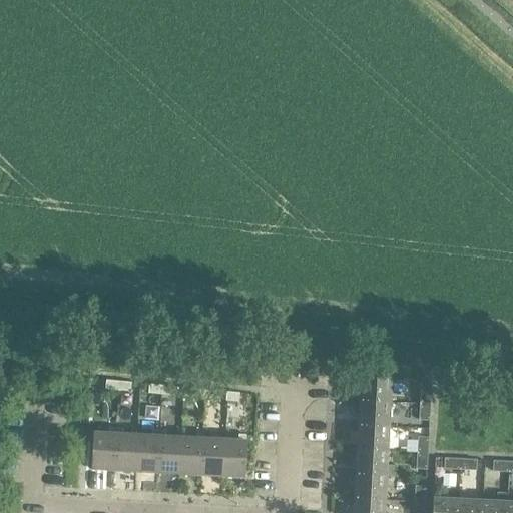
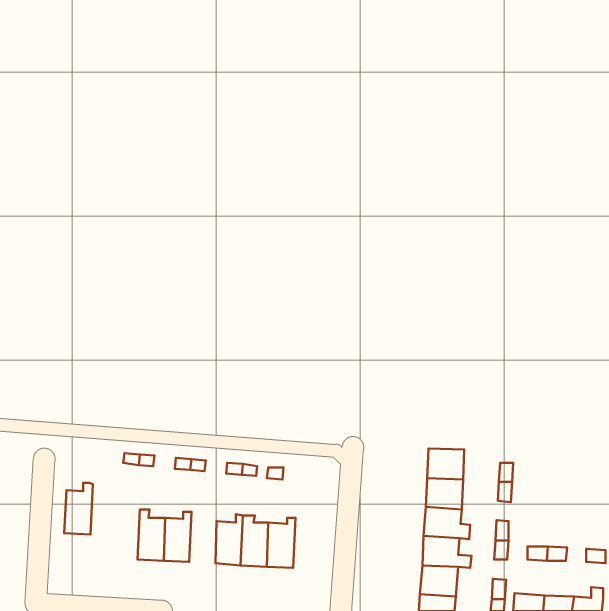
building: [93,426,117,469] -> [64,483,93,534]
building: [158,429,181,472] -> none

